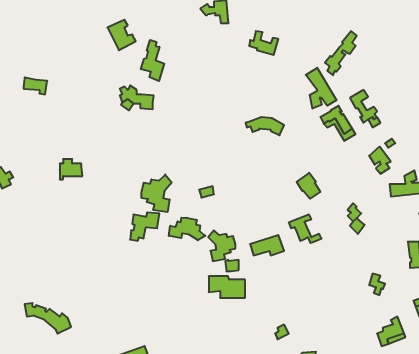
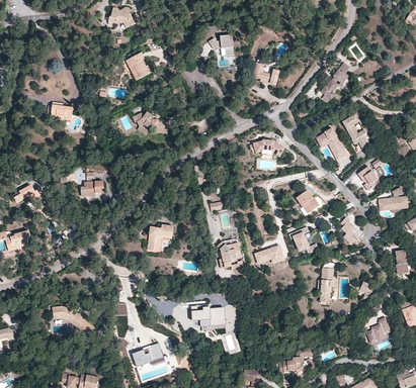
building: [141,40,164,81] -> none
building: [306,68,337,109] -> none
building: [141,174,172,212] -> none
building: [169,218,205,240] -> none
building: none -> [320,267,335,301]
building: [209,276,245,298] -> [195,305,228,324]

